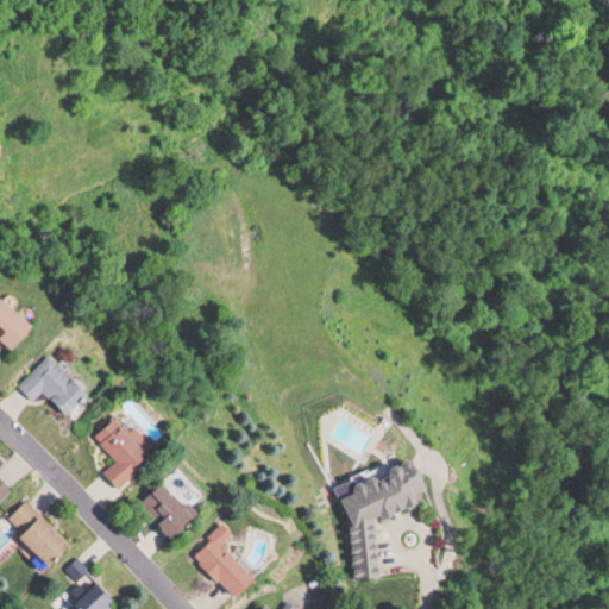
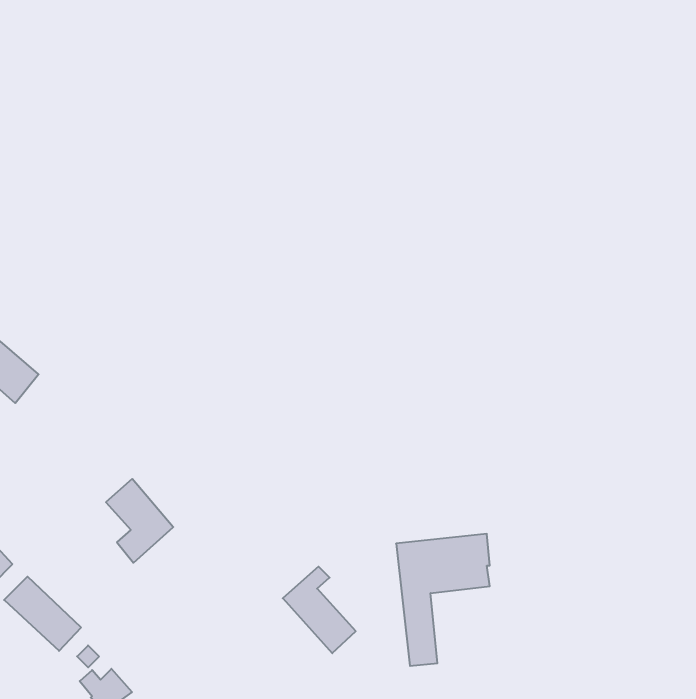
building: [15,354,87,416] -> none
building: [138,483,196,540] -> none
building: [192,525,255,599] -> [283,567,356,653]

